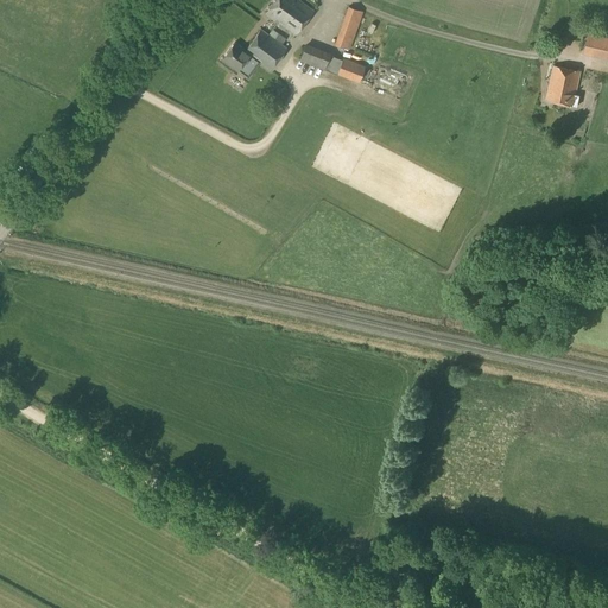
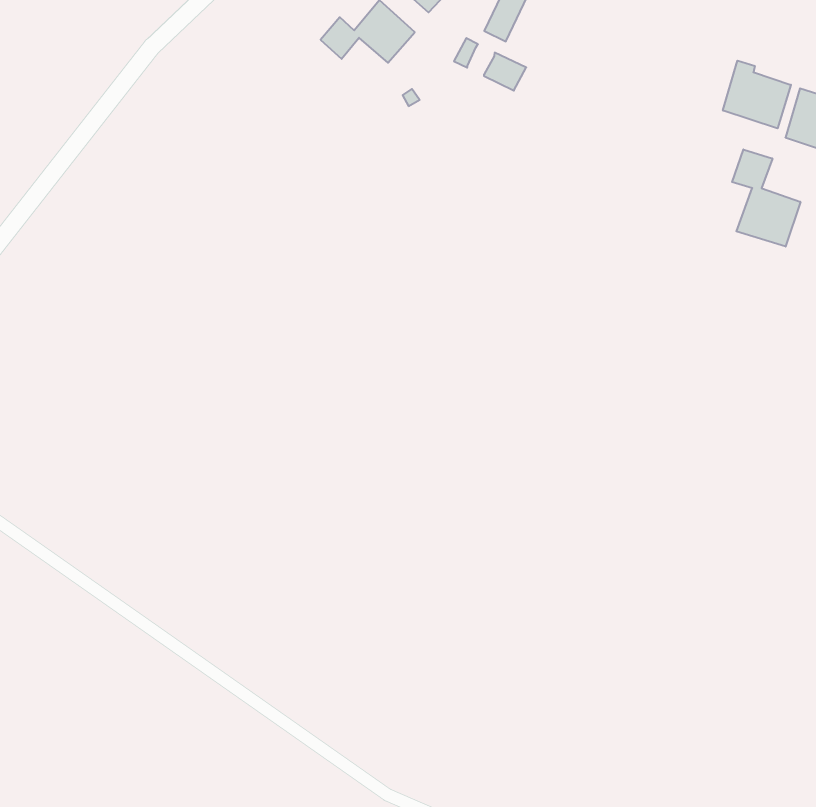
building: none -> [723,61,791,128]
building: none -> [732,149,800,247]

